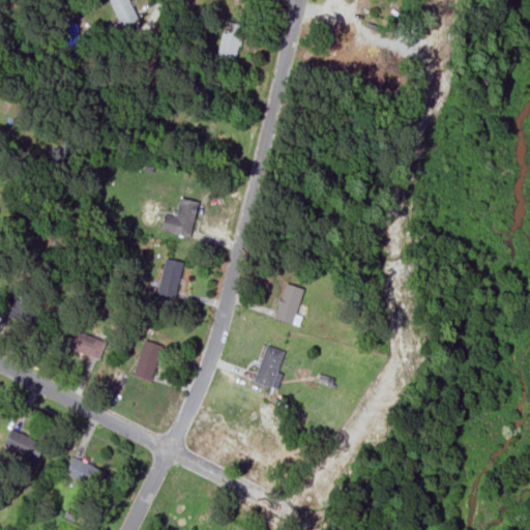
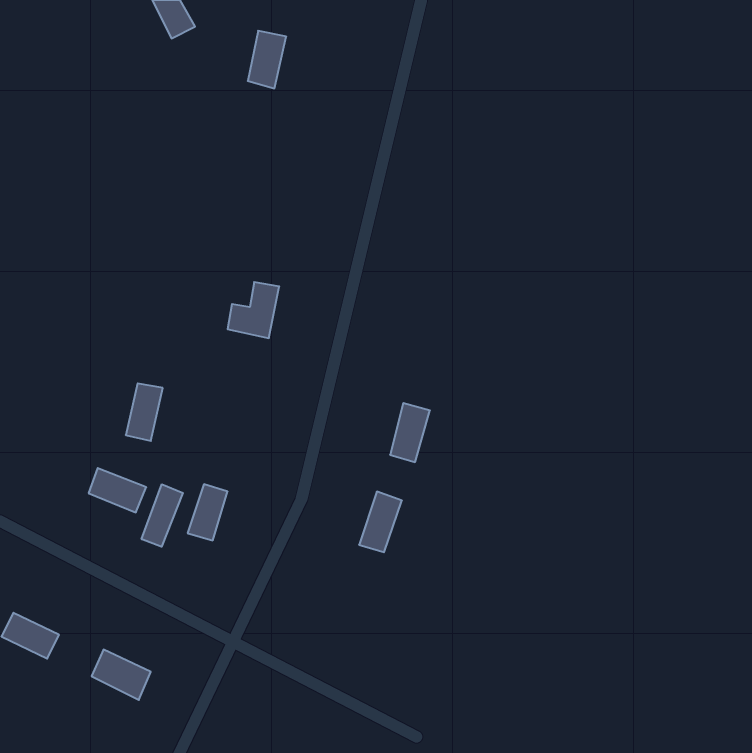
building: [217,22,244,62] -> [248,31,286,88]
building: [157,259,183,299] -> [126,383,163,441]
building: none -> [142,484,183,547]

